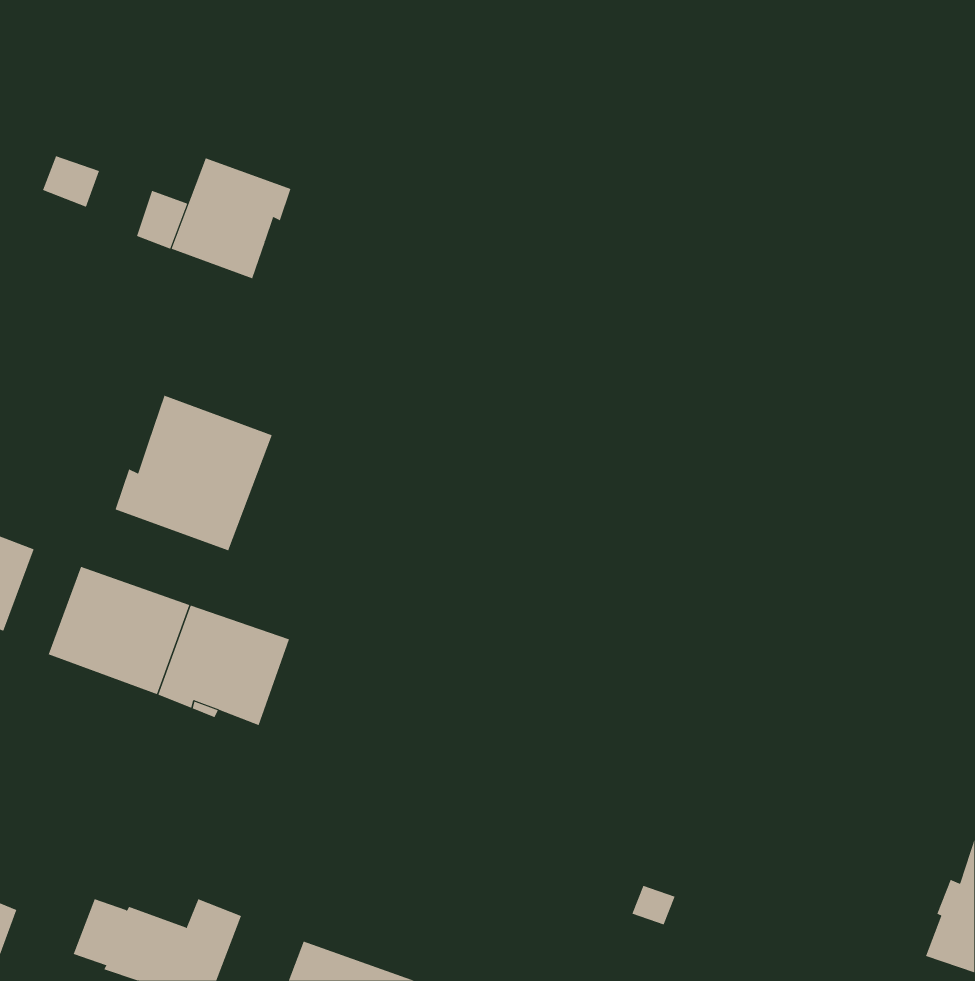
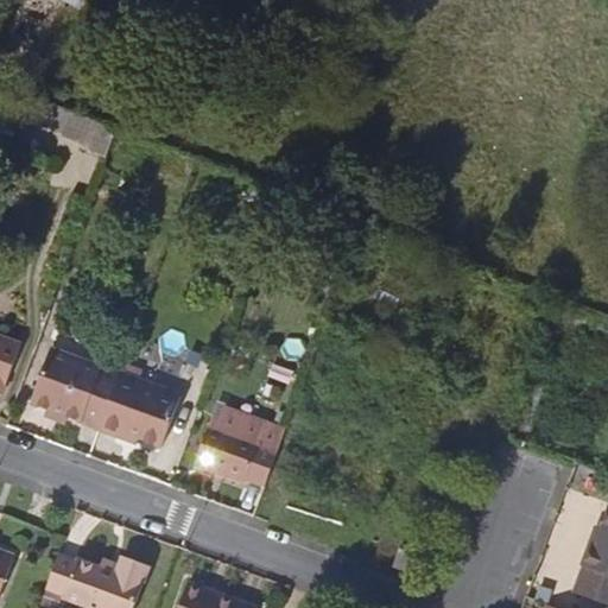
building: [171,157,291,279] -> none
building: [115,395,272,551] -> none
building: none -> [197,422,284,482]

